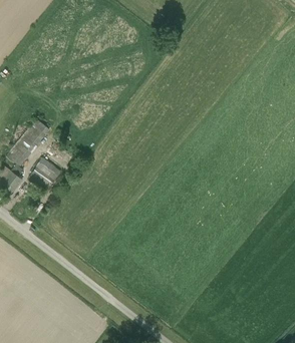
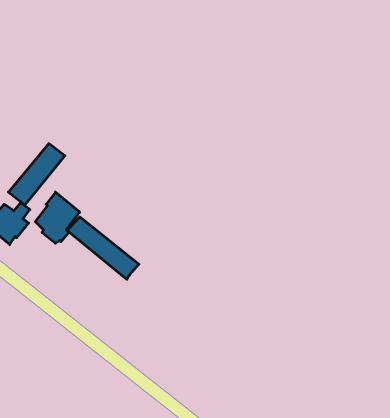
building: none -> [67,217,139,279]

